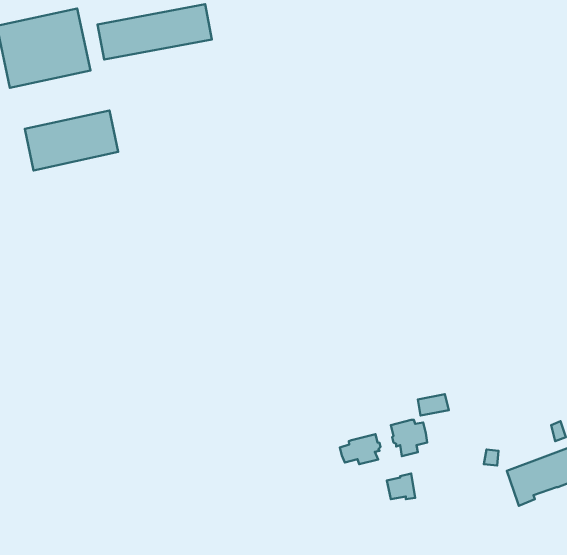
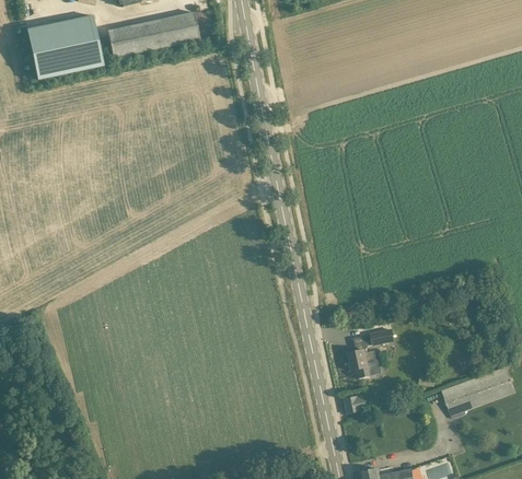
building: [25,111,118,170] -> none
building: [340,434,381,464] -> none

